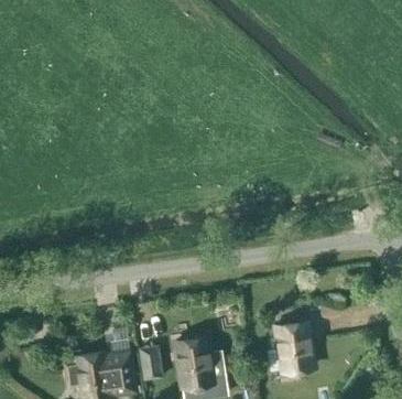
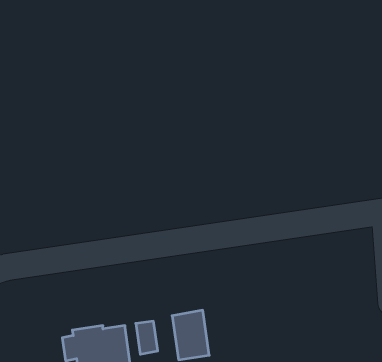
building: [276,321,314,369] -> none

